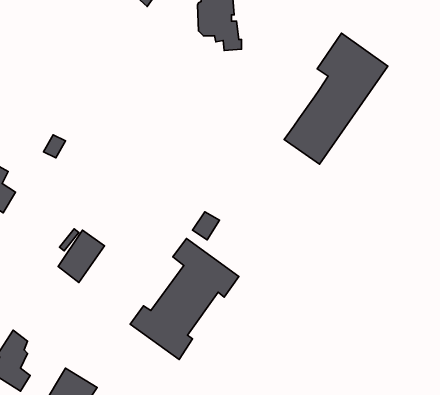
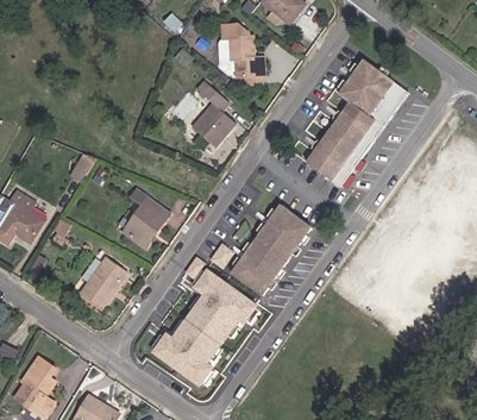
building: none -> [194,80,236,143]
building: none -> [124,188,169,242]
building: none -> [233,194,319,289]

